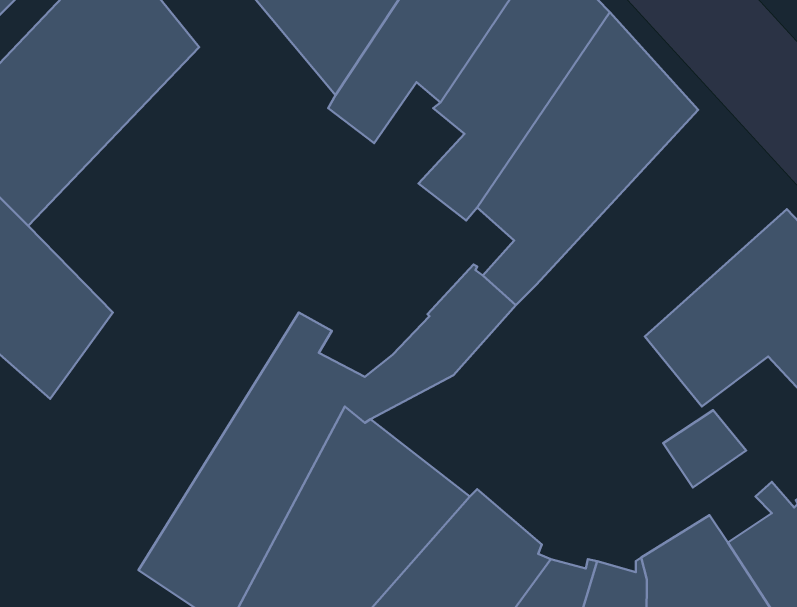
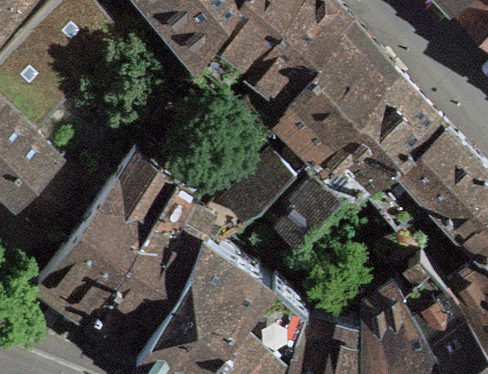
building: none -> [276,68,441,246]
building: none -> [37,150,176,318]

